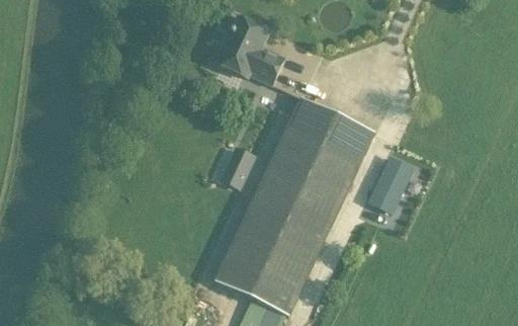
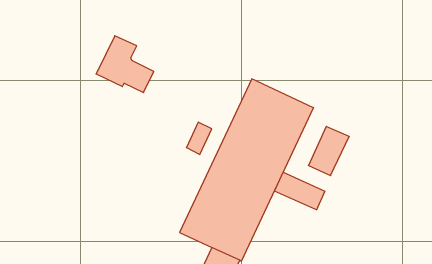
building: [215,16,284,84] -> [96,36,154,93]
building: none -> [274,172,325,210]

